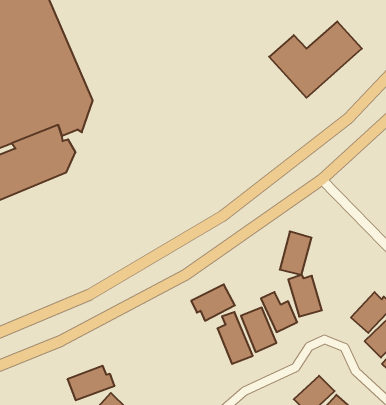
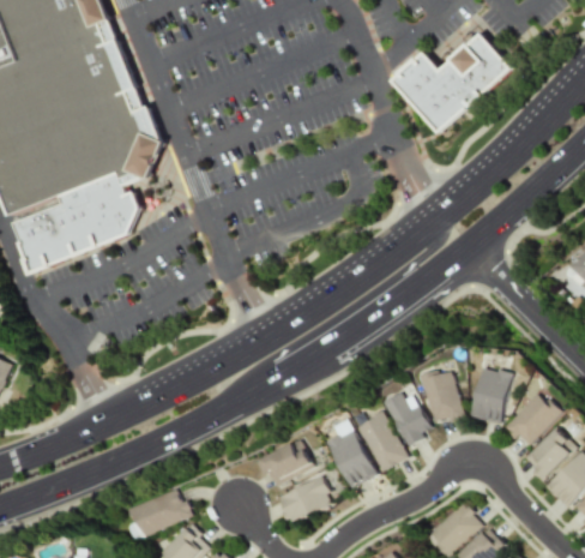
building: [280,231,312,275] -> [470,366,512,424]
building: [191,284,235,321] -> [255,439,313,487]
building: none -> [276,478,331,523]

